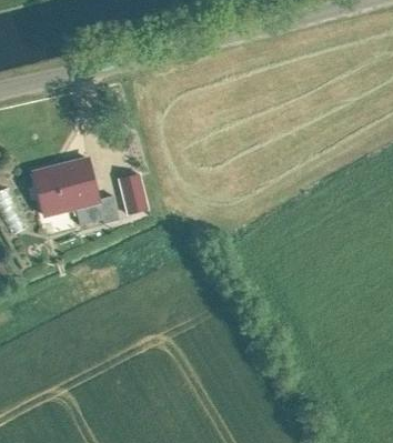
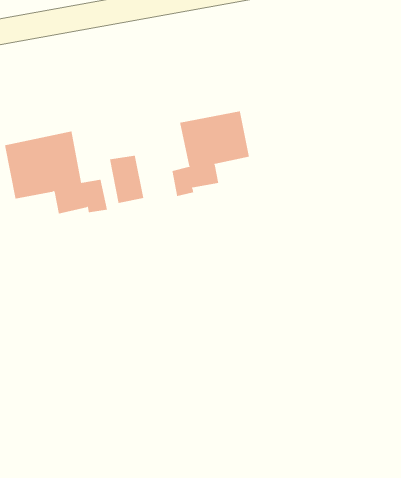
building: none -> [172,111,249,197]

